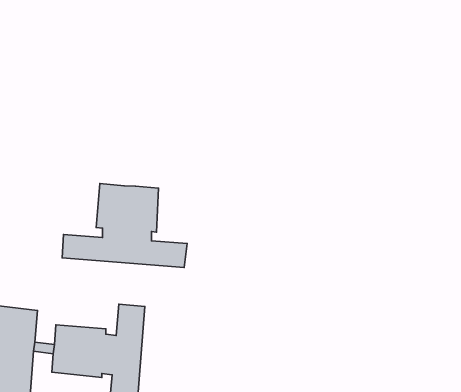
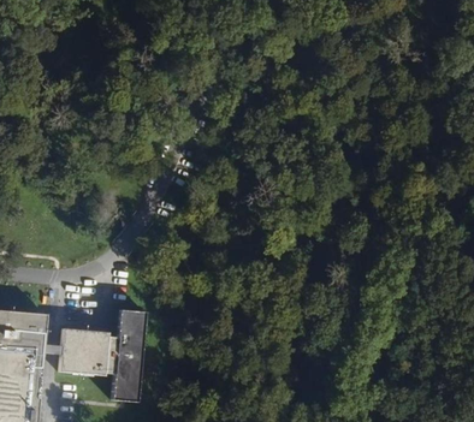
building: [62,184,187,267] -> none

